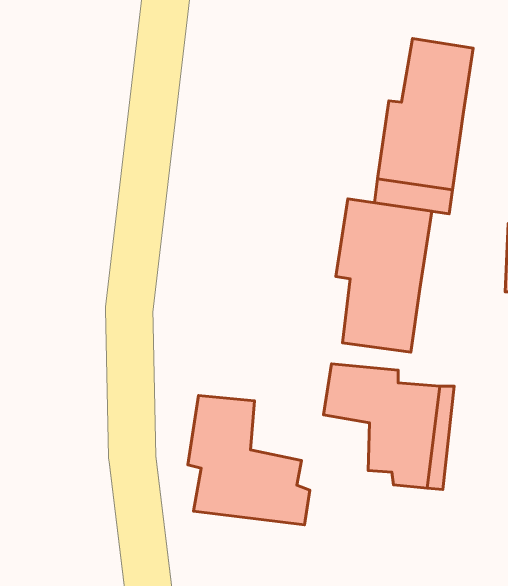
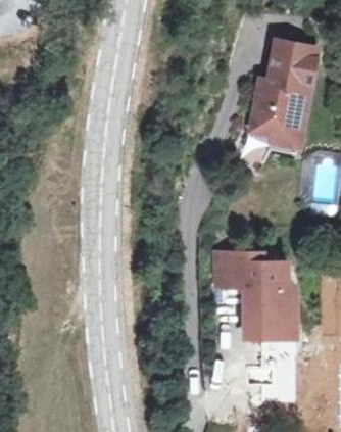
building: [336,199,432,352] -> none
building: [188,396,310,525] -> none

